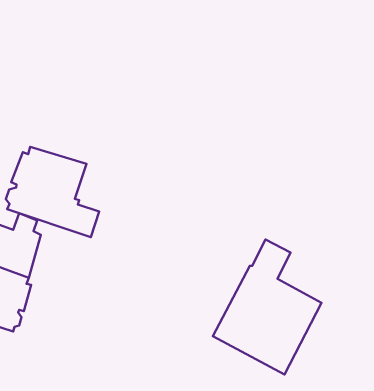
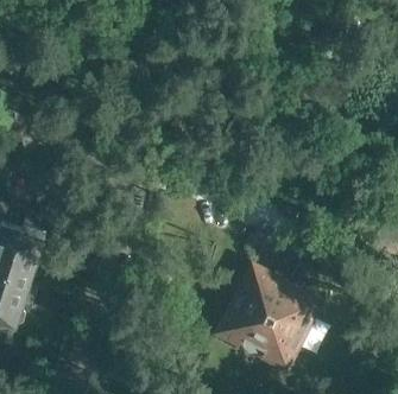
building: [6,147,99,237] -> none

